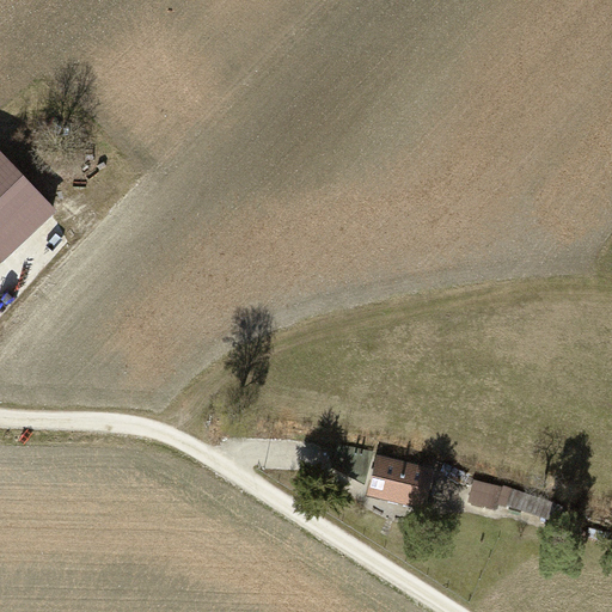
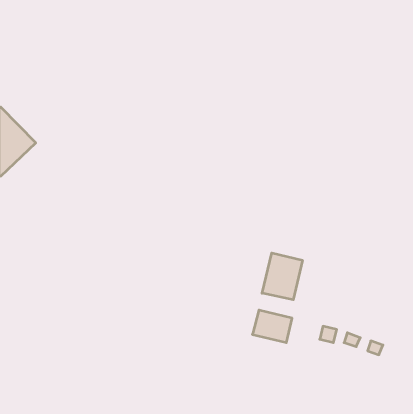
building: none -> [262,253,302,300]

